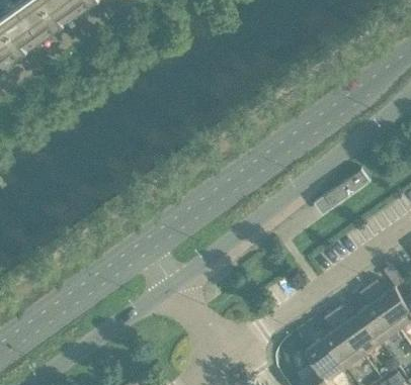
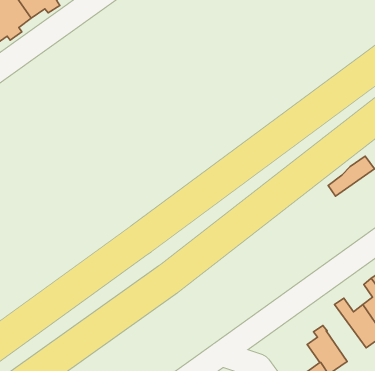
building: [323,314,361,369] -> none

